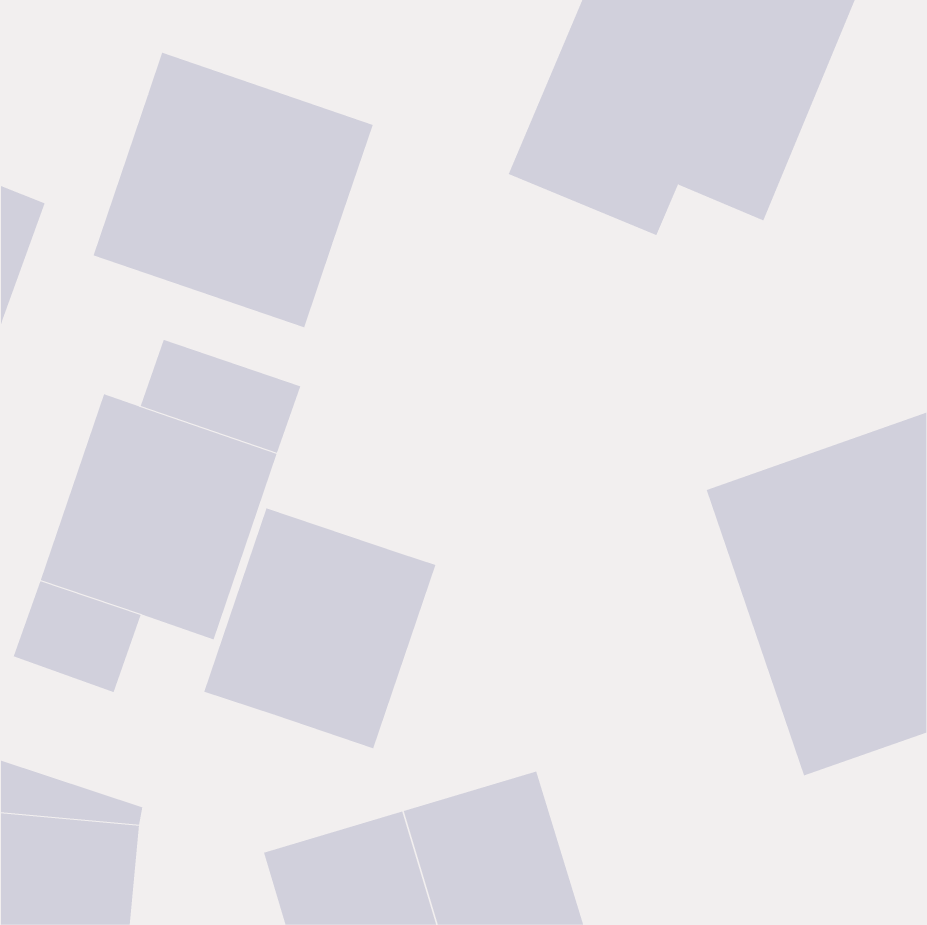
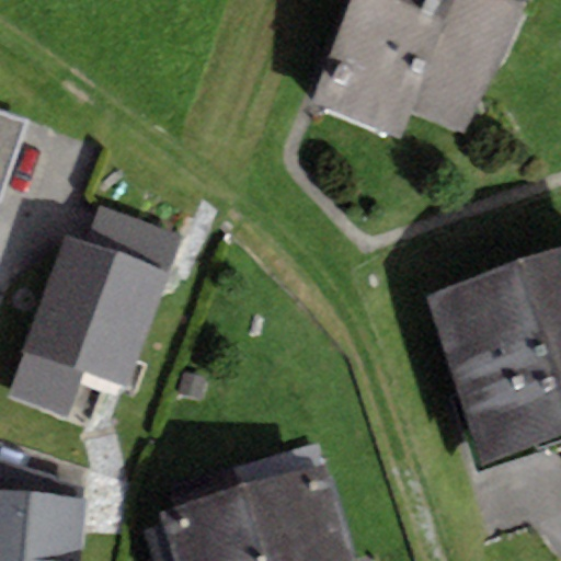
building: [93,52,374,328] -> none
building: [204,507,436,749] -> none

